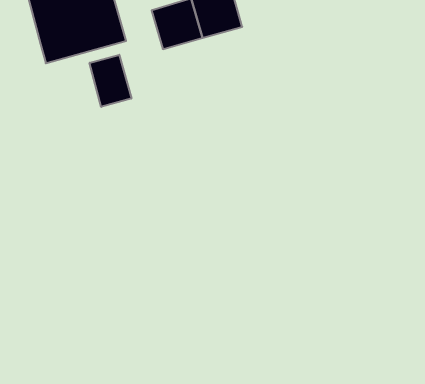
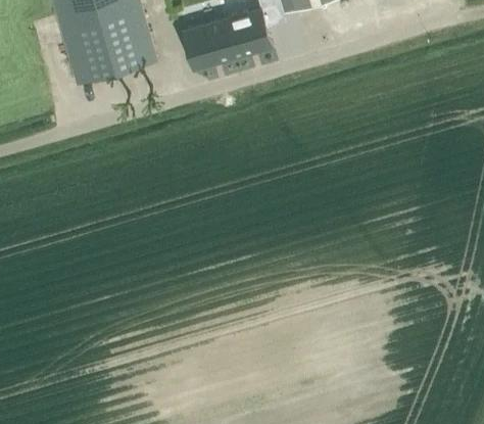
building: [90,55,131,107] -> none

